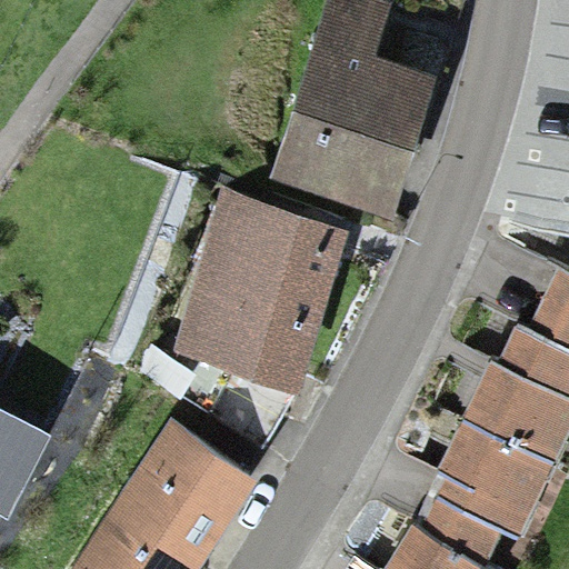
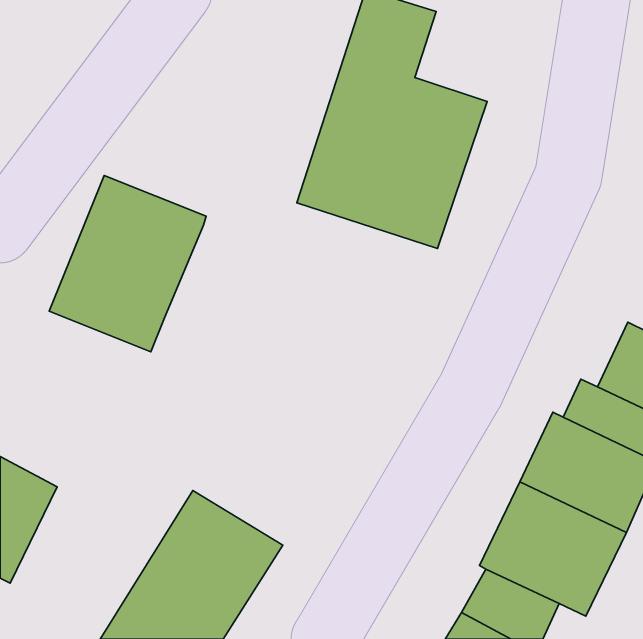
building: none -> [49,176,206,352]
building: [177,206,347,390] -> none

